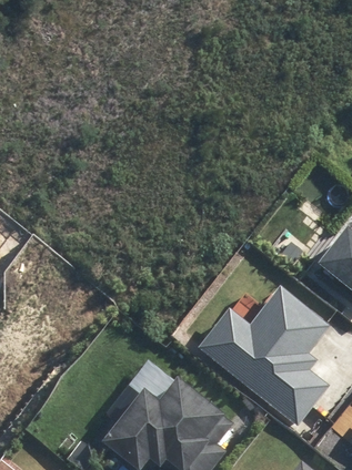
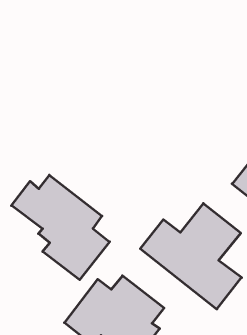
building: none -> [11,175,110,280]

